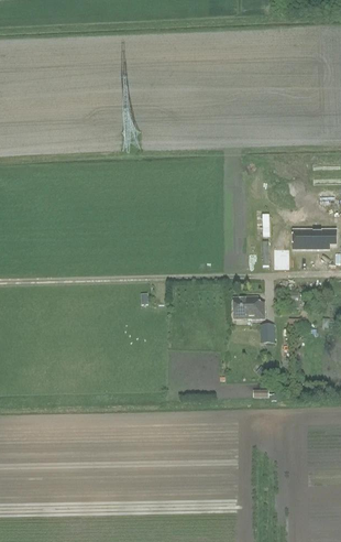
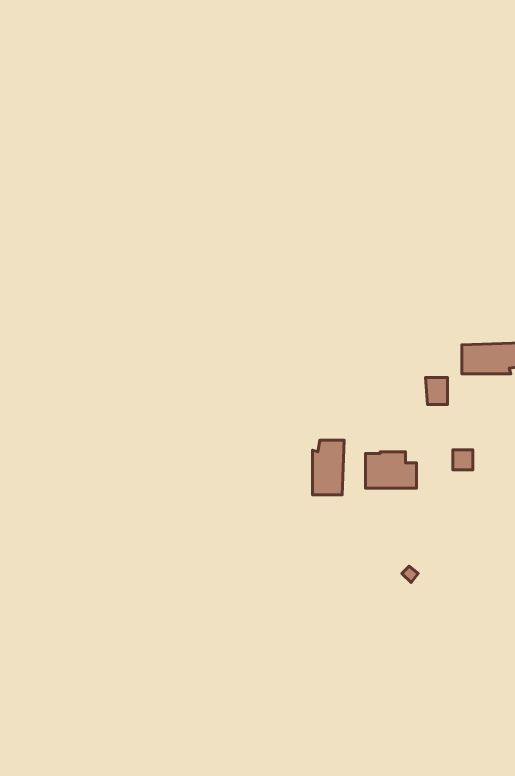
building: none -> [312,440,344,495]

